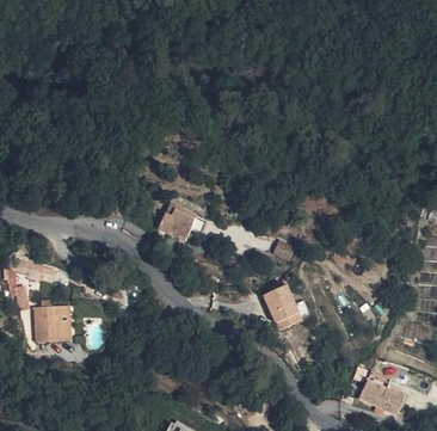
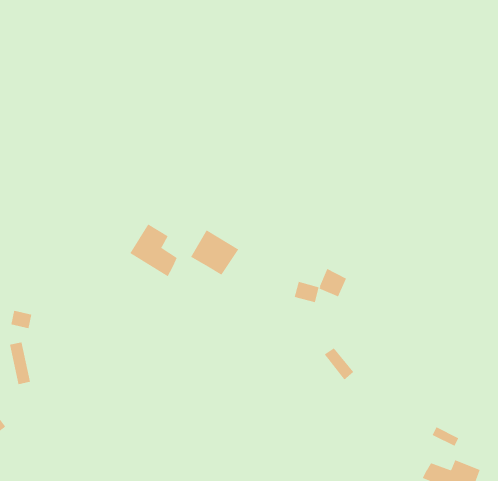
building: none -> [130,224,177,277]
building: [33,307,70,343] -> none

